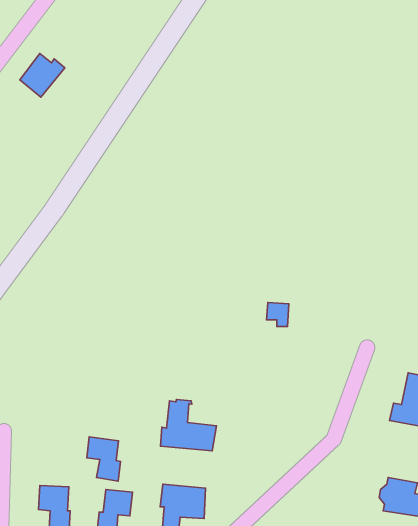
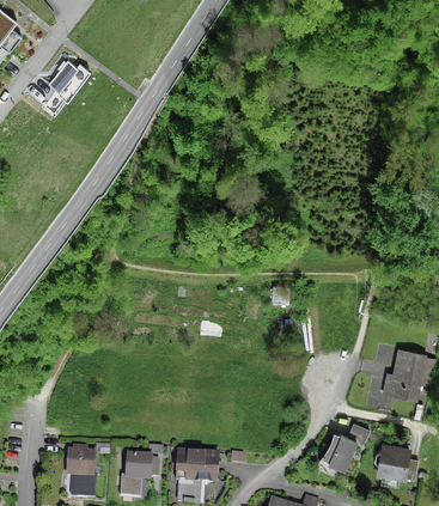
building: [161,400,216,451] -> none
building: [87,437,121,481] -> none
building: none -> [318,429,355,468]

